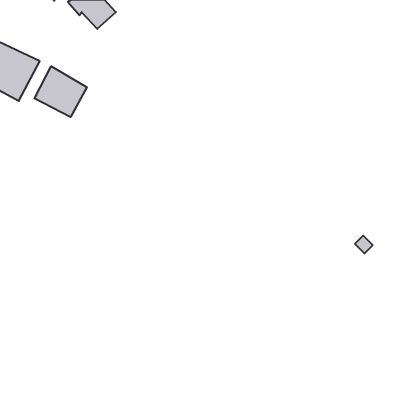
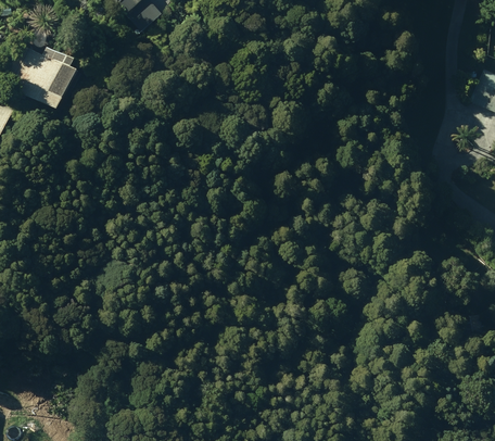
building: [34,66,87,117] -> none

